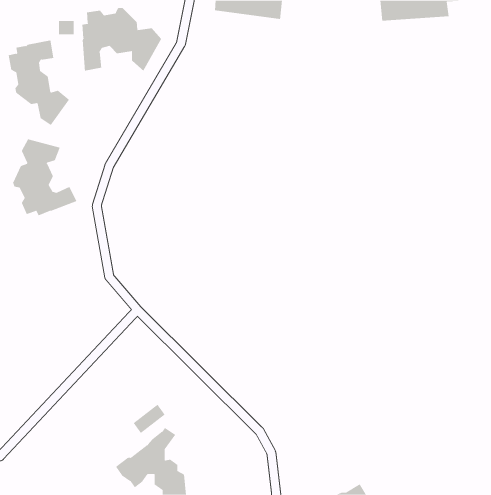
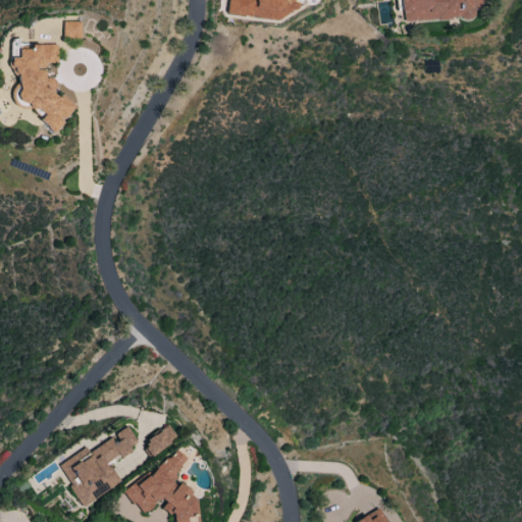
building: [82,7,162,72] -> none
building: [12,138,77,216] -> none
building: none -> [60,426,141,506]

